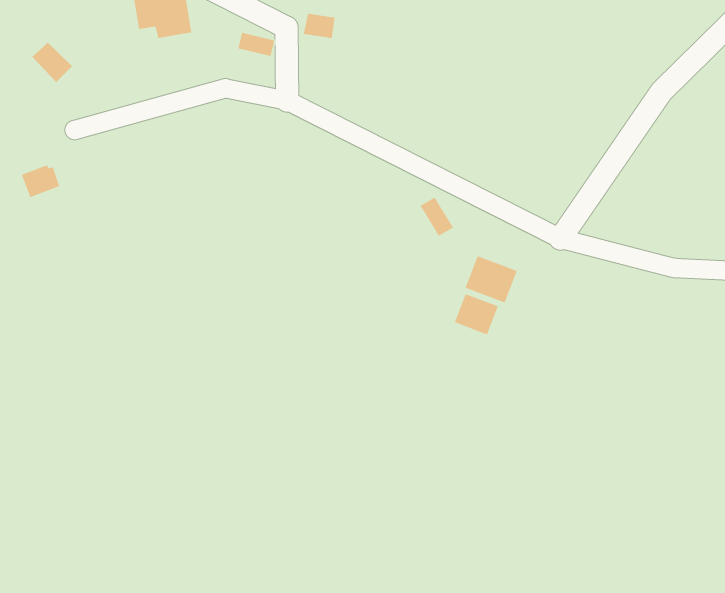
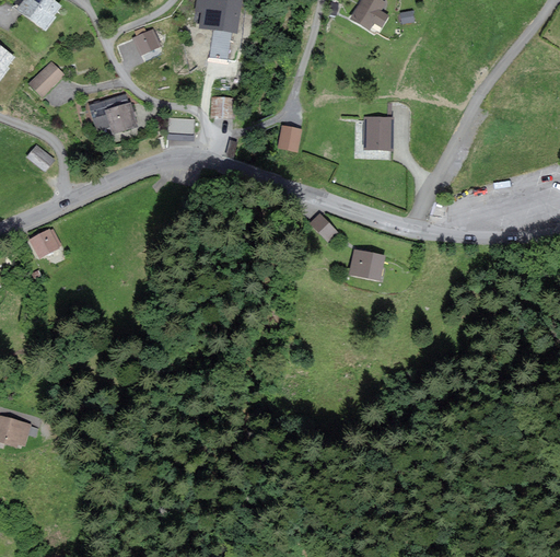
building: none -> [279,126,302,151]
building: none -> [364,119,392,149]
building: [454,293,499,335] -> none

